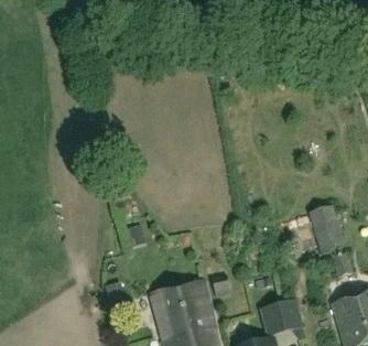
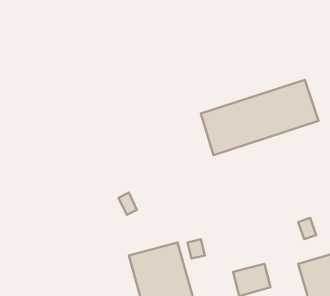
building: none -> [201,80,319,155]
building: [306,199,344,247] -> none

